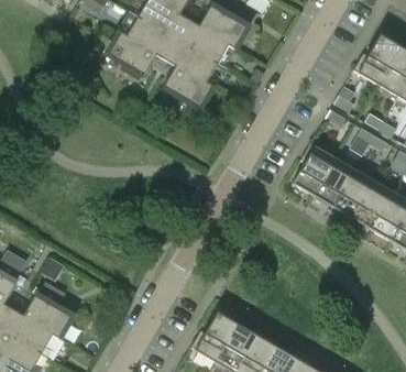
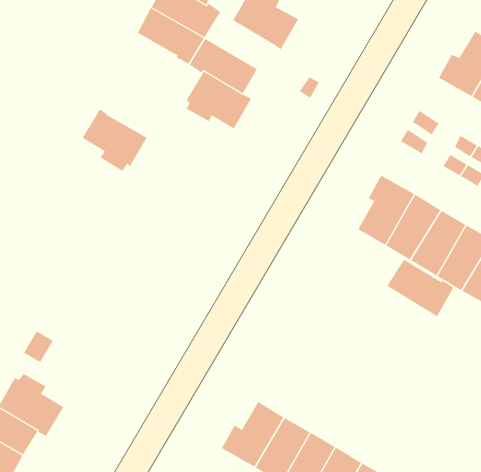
building: [177,21,228,64] -> none
building: [107,32,156,79] -> [82,109,148,172]
building: none -> [386,258,454,317]

